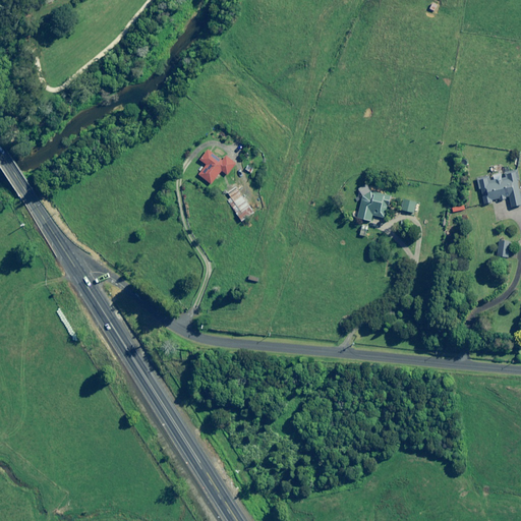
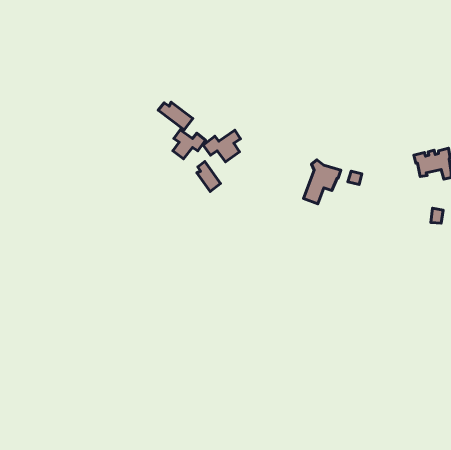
building: none -> [158,102,193,130]
building: none -> [203,130,241,162]

